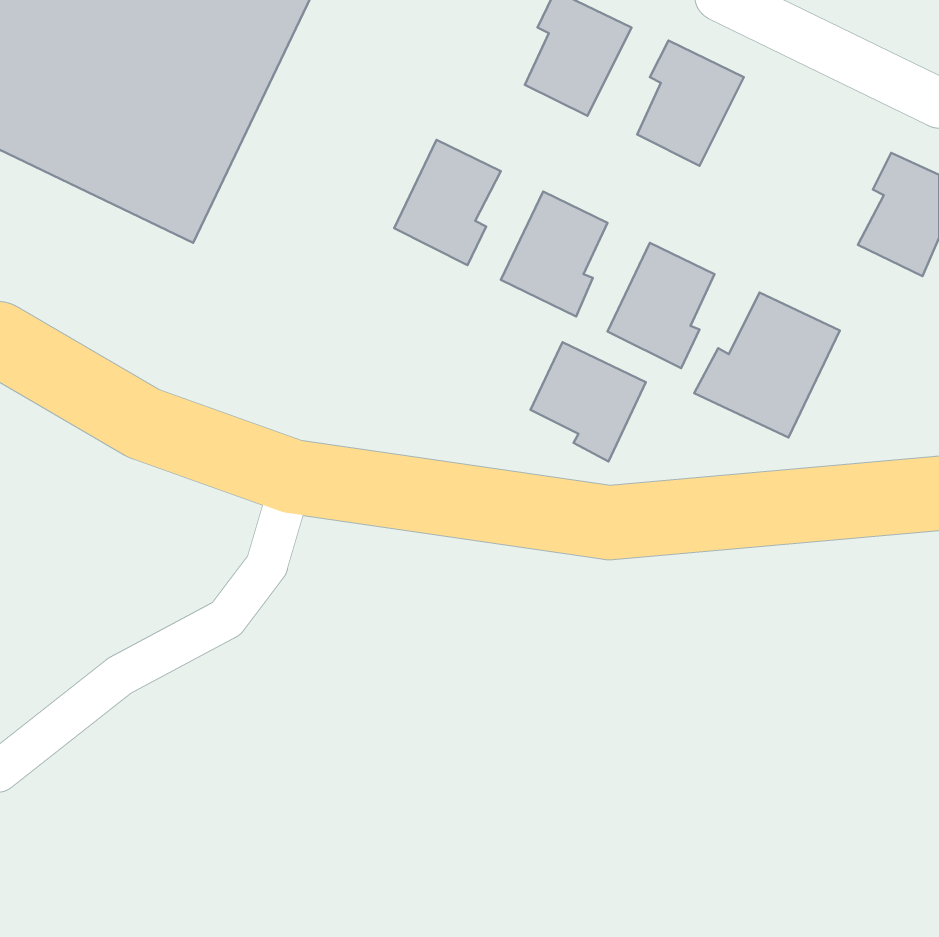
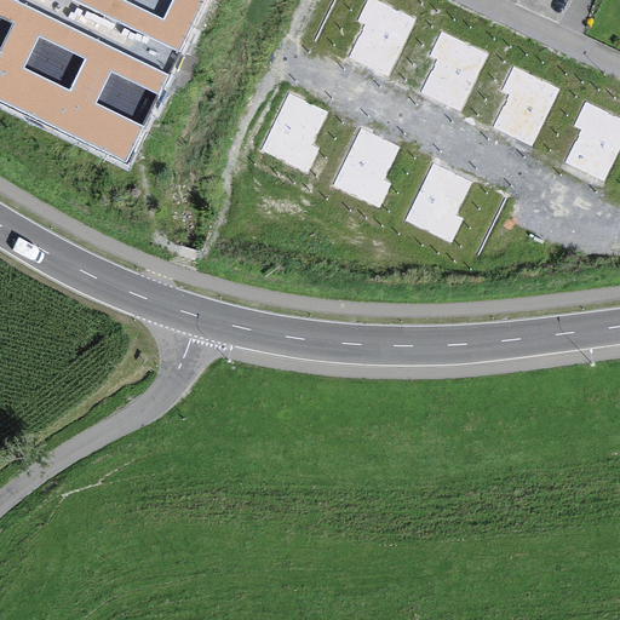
building: none -> [493,63,563,145]
building: [694,292,840,437] -> none
building: [531,342,646,462] -> none

